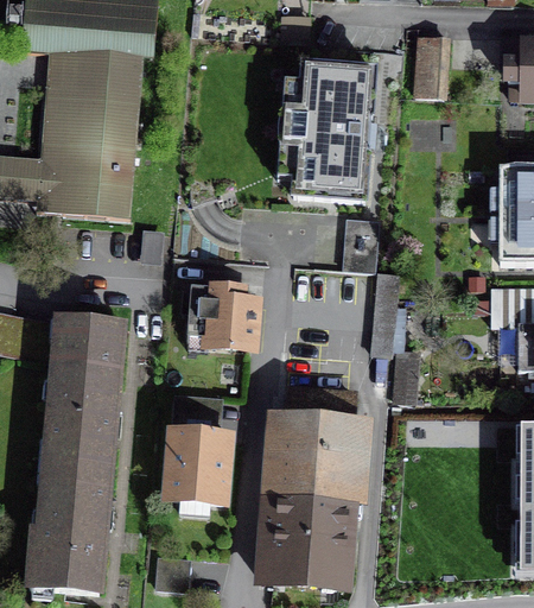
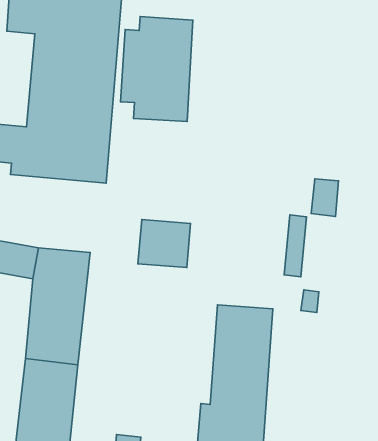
building: [414,36,446,96] -> none
building: [279,57,370,190] -> [121,16,193,121]
building: [342,222,376,270] -> [311,179,338,216]
building: [164,392,230,502] -> none

